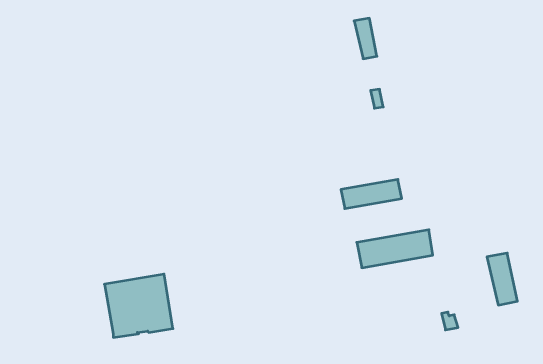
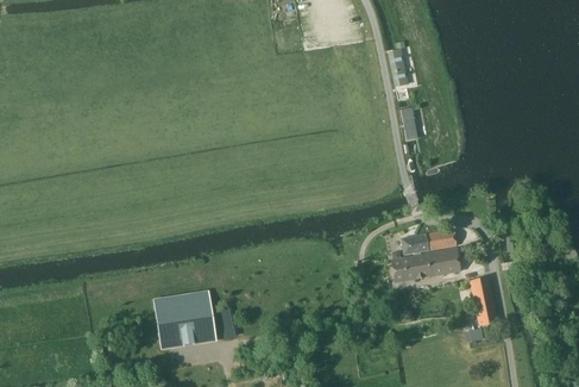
building: [341,179,402,209] -> [401,229,458,256]
building: [487,253,517,305] -> [470,276,498,325]

